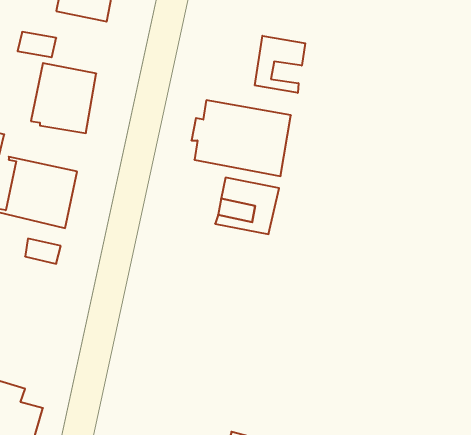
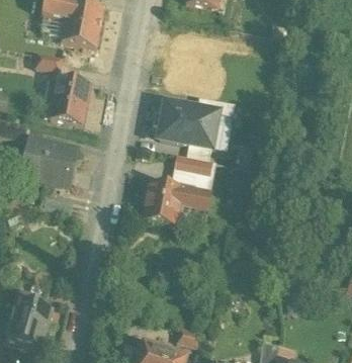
building: [255,36,305,93] -> none
building: none -> [144,180,210,224]

